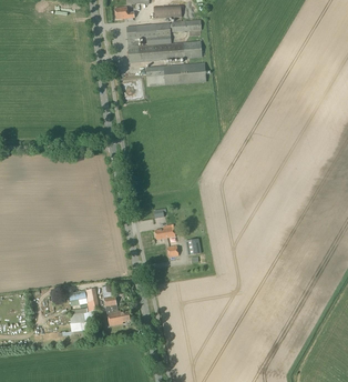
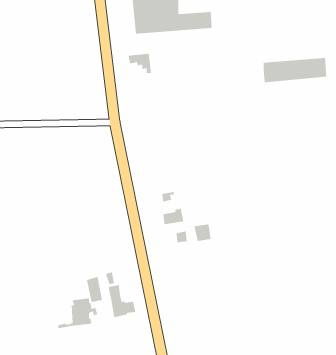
building: [145,62,205,86] -> [263,58,327,83]

